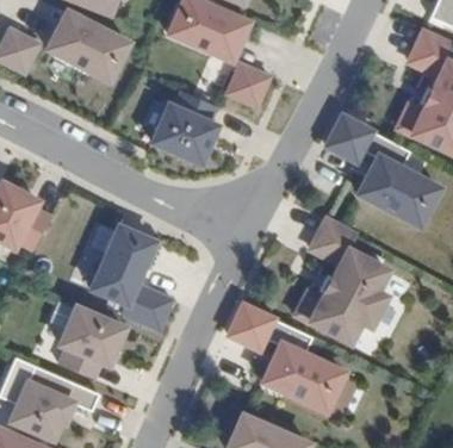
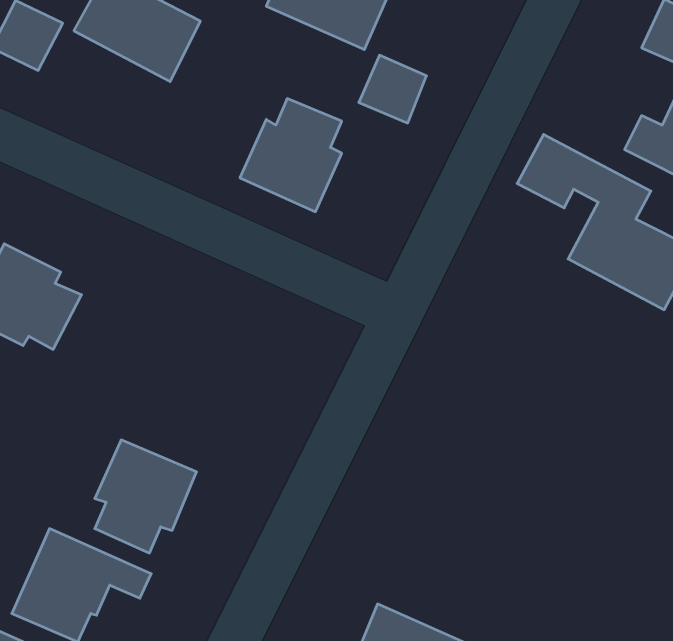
building: [294,217,384,340] -> none
building: [93,228,175,331] -> none
building: [231,305,346,411] -> none

